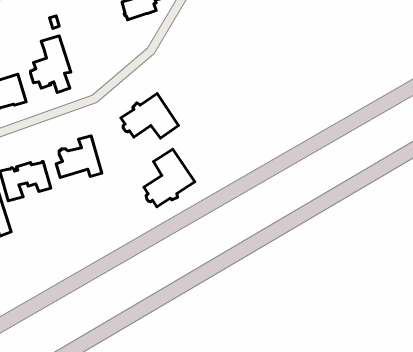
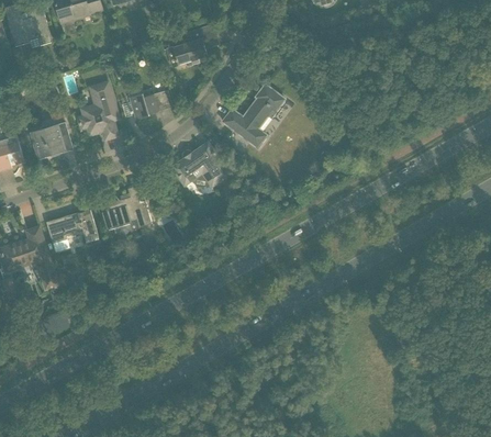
building: none -> [223,83,284,147]
building: none -> [129,90,172,119]
building: [144,149,195,207] -> none

